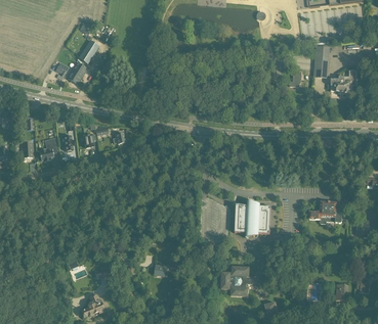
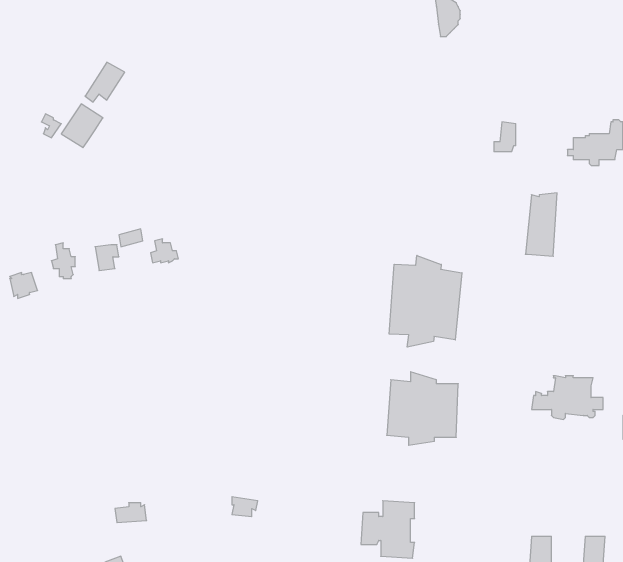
building: [313,44,330,77] -> [525,193,557,256]
building: none -> [389,255,462,347]

